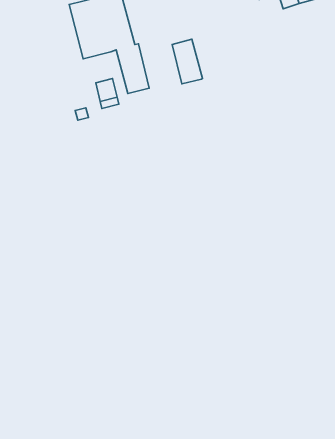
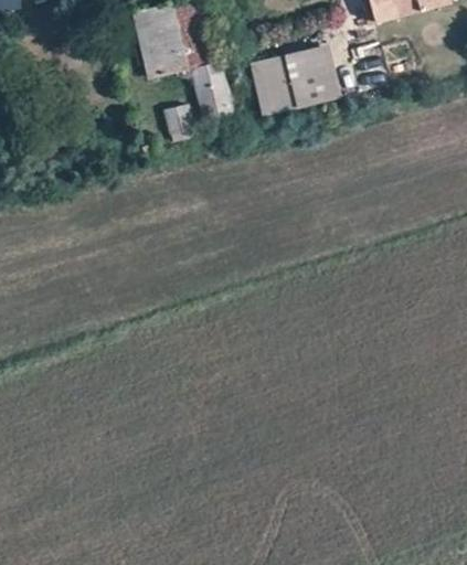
building: none -> [283,46,329,108]

